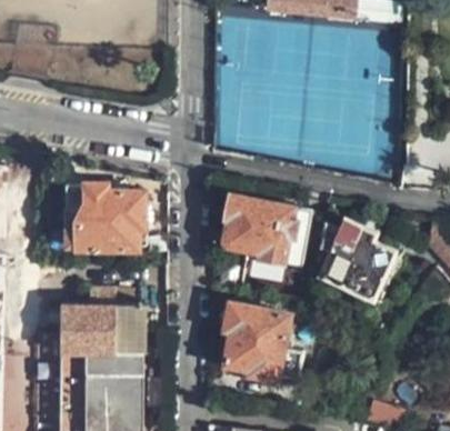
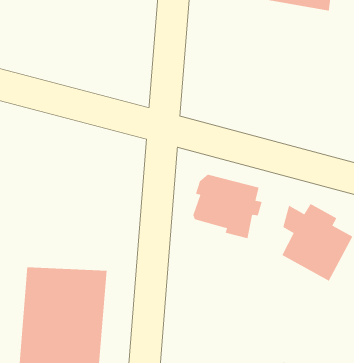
building: [64,184,142,249] -> none
building: [227,307,289,380] -> none

